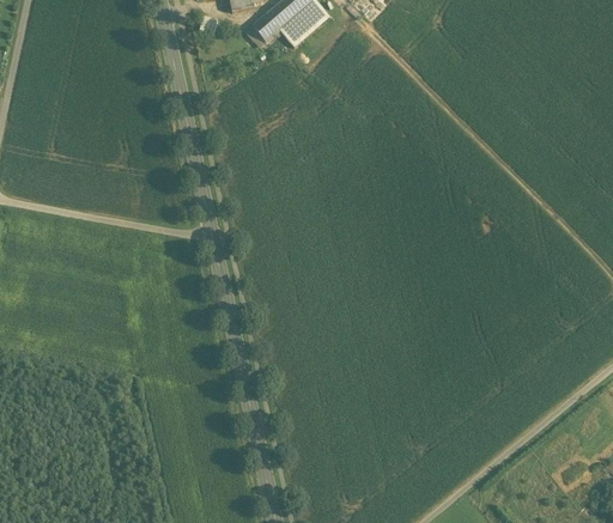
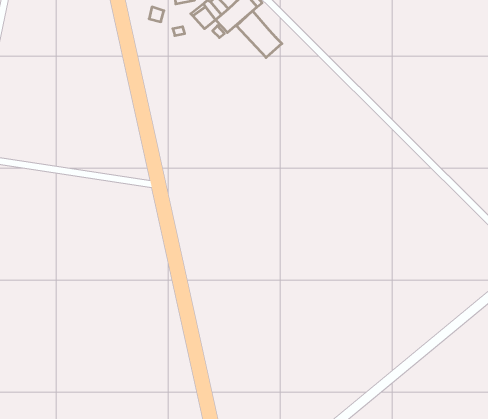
building: none -> [236,11,282,58]

